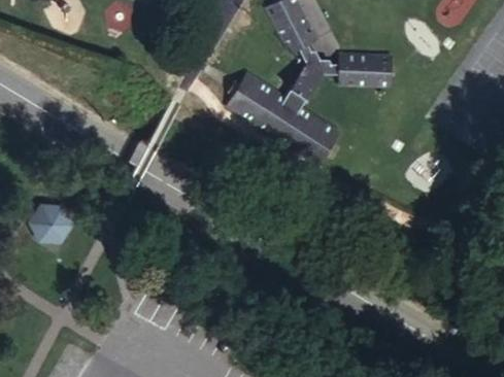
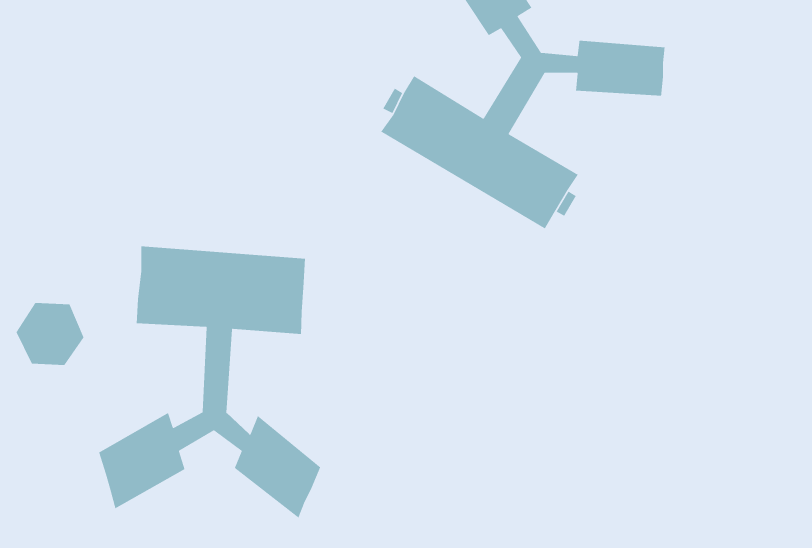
building: none -> [98,245,321,519]

